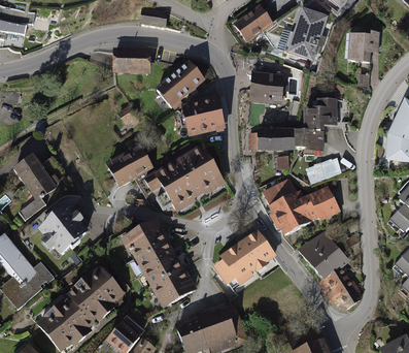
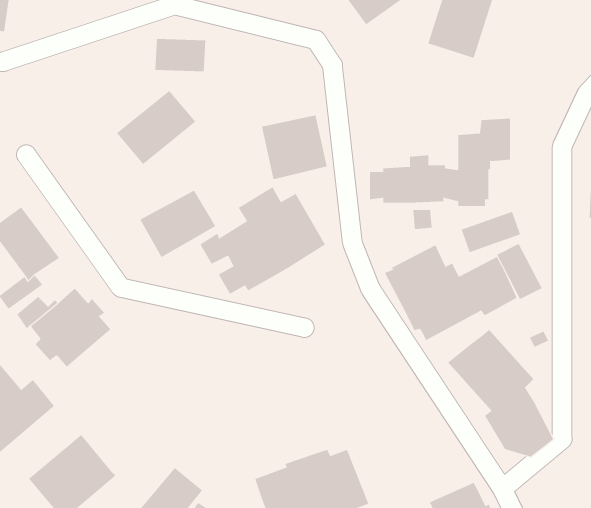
building: [347,31,380,61] -> none
building: [155,61,204,107] -> [116,90,196,165]
building: [248,70,284,104] -> none
building: none -> [497,243,542,300]
building: [122,220,192,306] -> none
building: [215,233,272,284] -> none
building: [69,266,122,319] -> none

